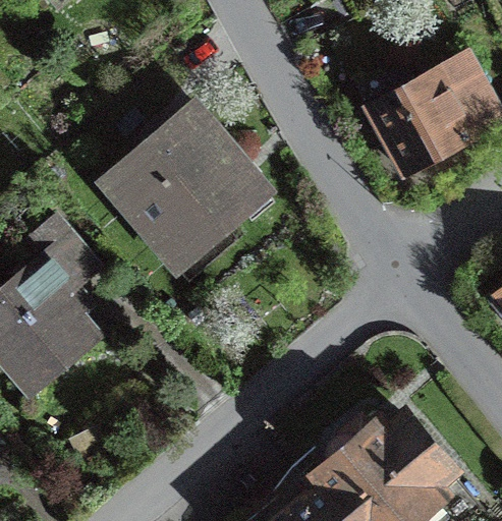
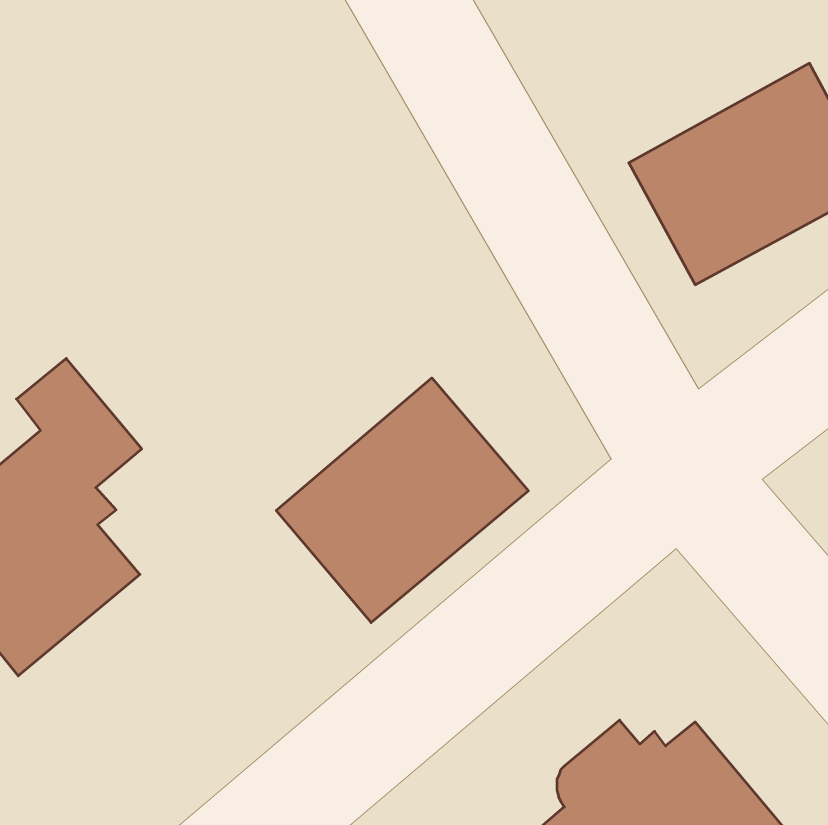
building: [109,112,254,253] -> none
building: none -> [276,378,528,623]

